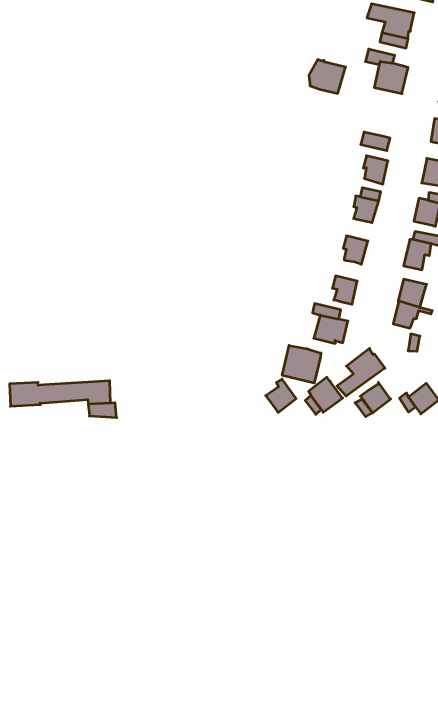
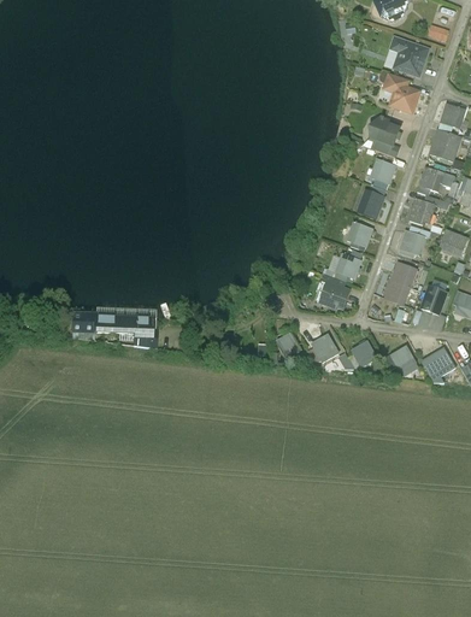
building: [309,60,346,93] -> [370,116,400,145]
building: [282,345,321,383] -> none
building: [337,348,385,396] -> none

